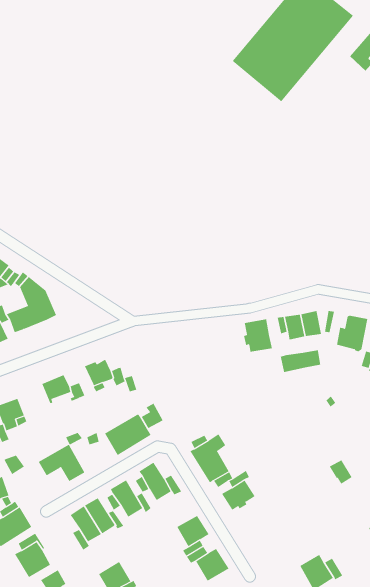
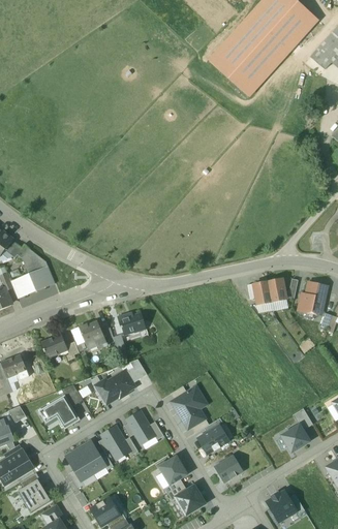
building: [243,319,273,352] -> none
building: [280,349,321,373] -> none
building: none -> [117,313,145,334]
building: none -> [281,425,309,452]
building: none -> [214,456,242,484]

